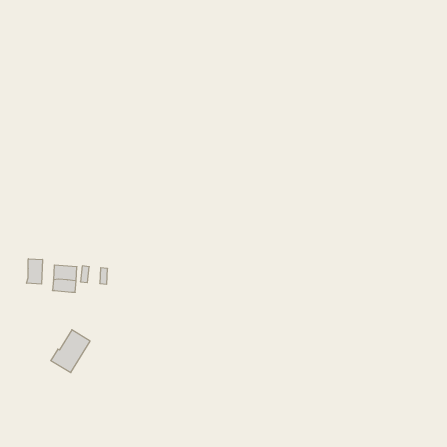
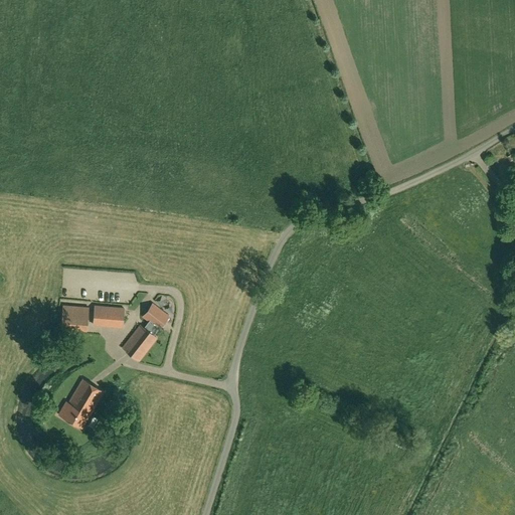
building: [27,259,42,284] -> none
building: none -> [123,305,168,360]

